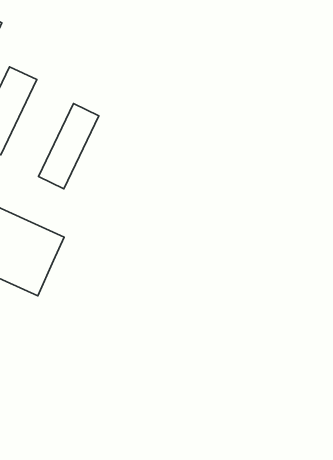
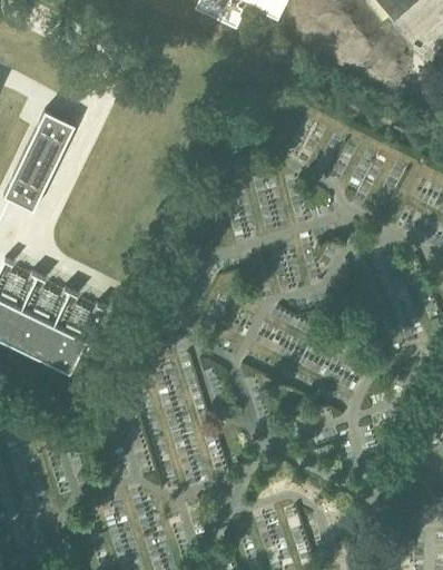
building: [39,103,99,189] -> none

